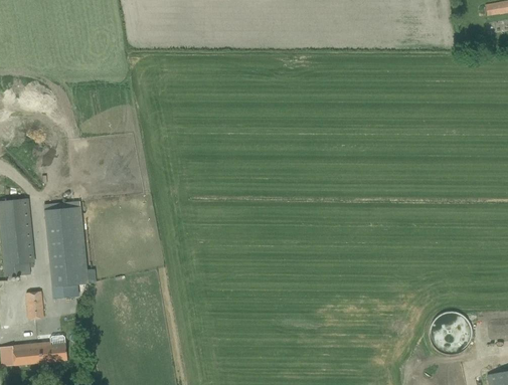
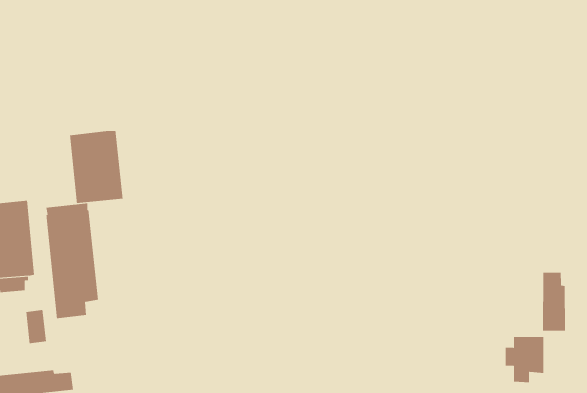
building: none -> [69,130,123,204]
building: none -> [543,272,566,332]

